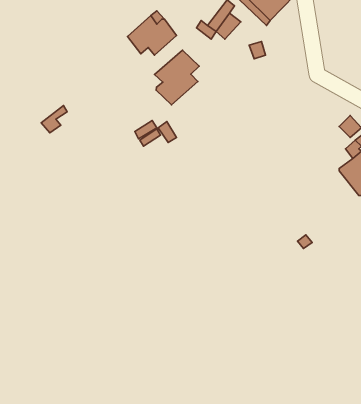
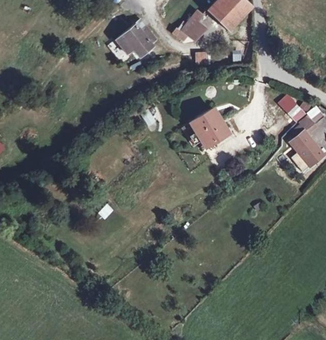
building: [155,50,199,105] -> none
building: none -> [191,109,230,147]

